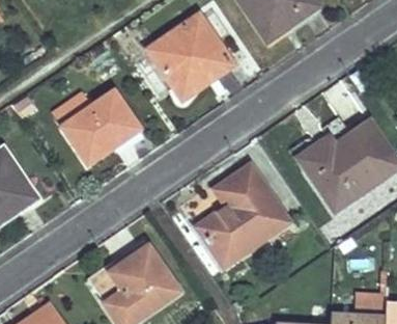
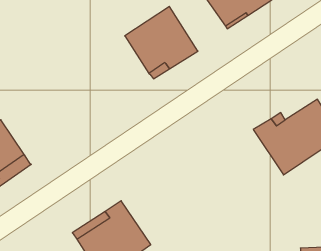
building: [61,89,141,164] -> none
building: [198,166,288,266] -> none

